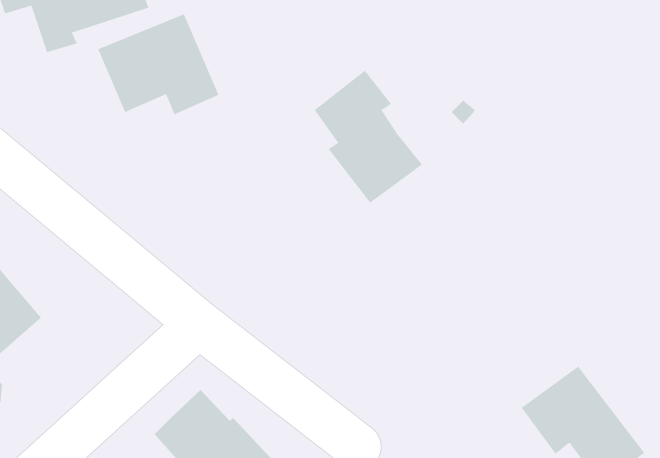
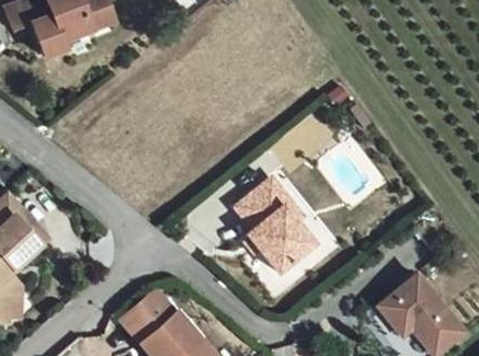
building: [97,13,219,115] -> none
building: [314,70,423,204] -> [239,173,316,267]

